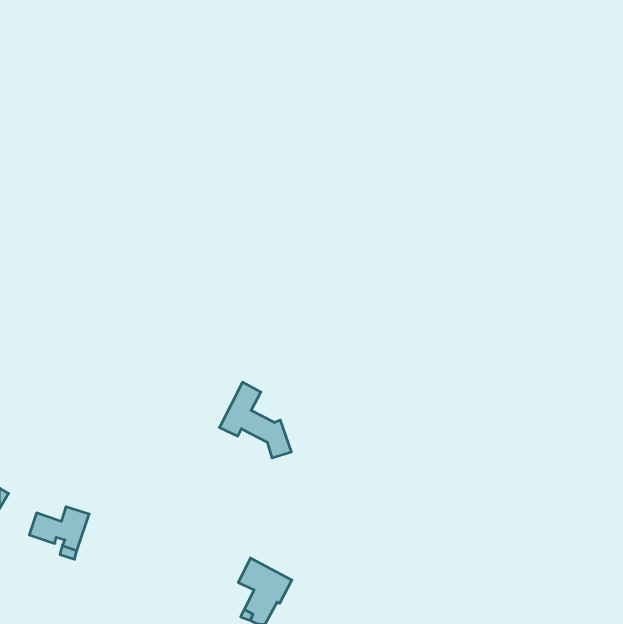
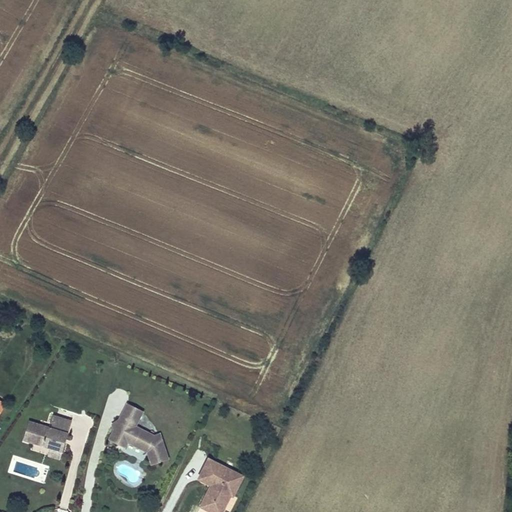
building: [219,382,291,458] -> [109,403,168,465]

